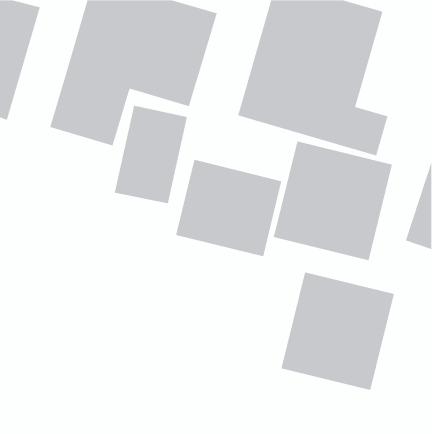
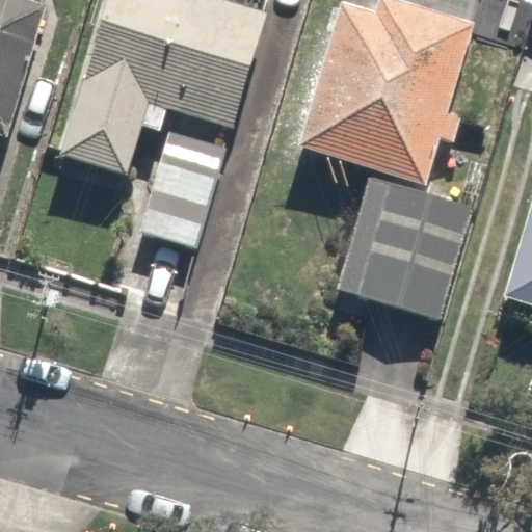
building: [175,159,282,257] -> none
building: [281,272,395,391] -> none

